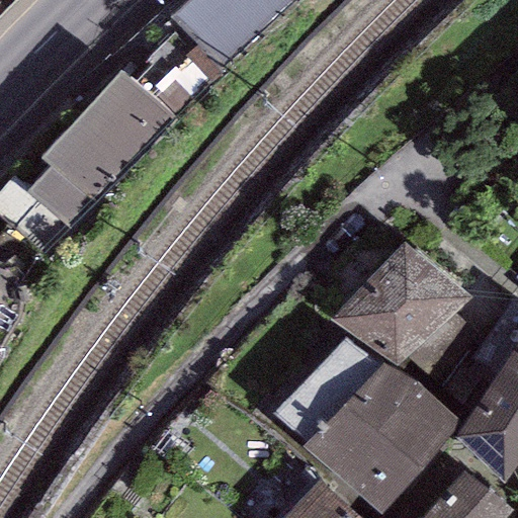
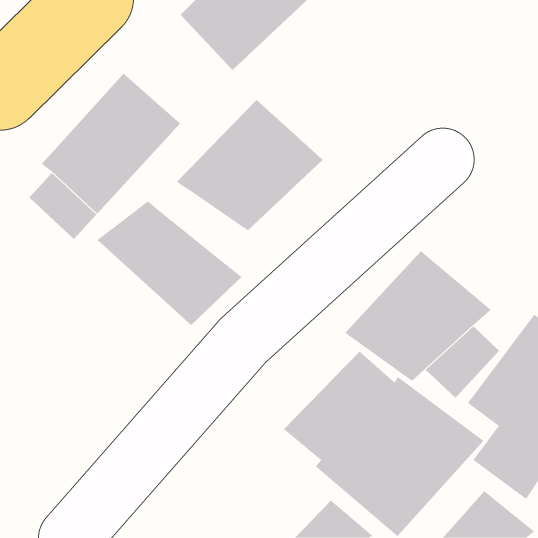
building: none -> [176,99,324,231]
building: none -> [96,201,242,326]

